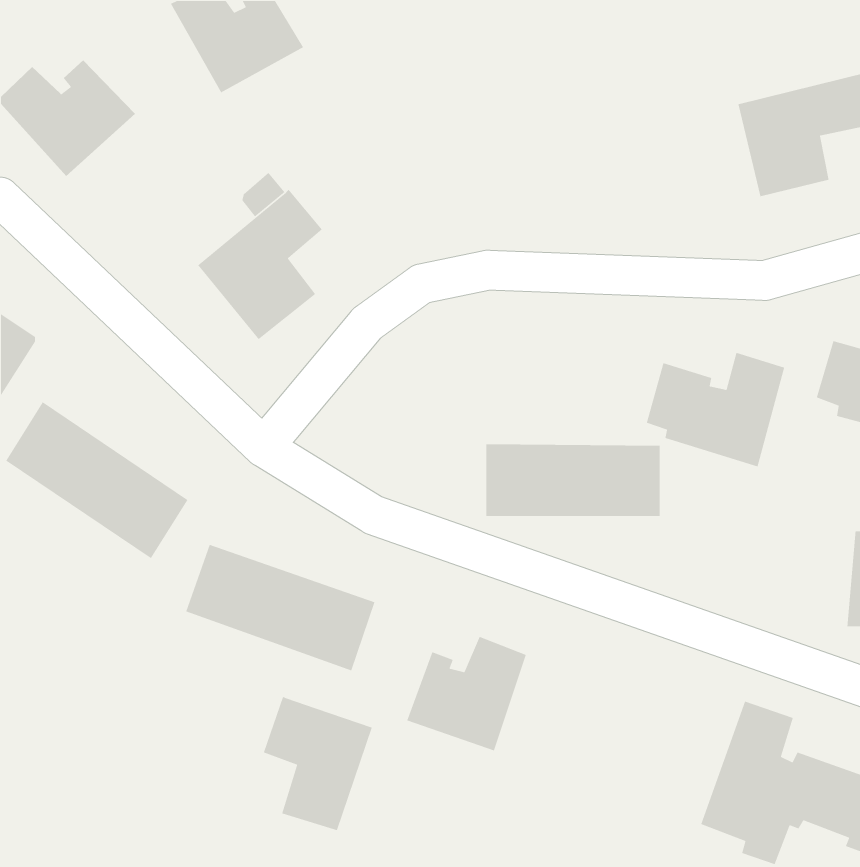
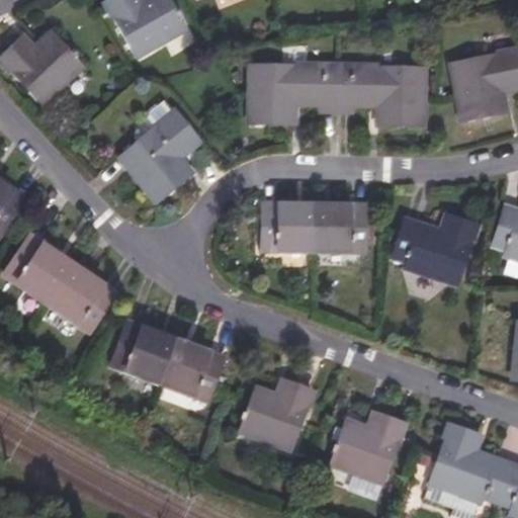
building: none -> [244,67,417,127]
building: [486,444,661,517] -> [265,205,369,249]
building: none -> [332,409,403,476]
building: [263,696,373,831] -> none

